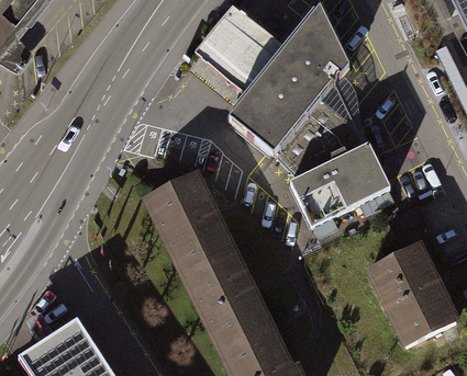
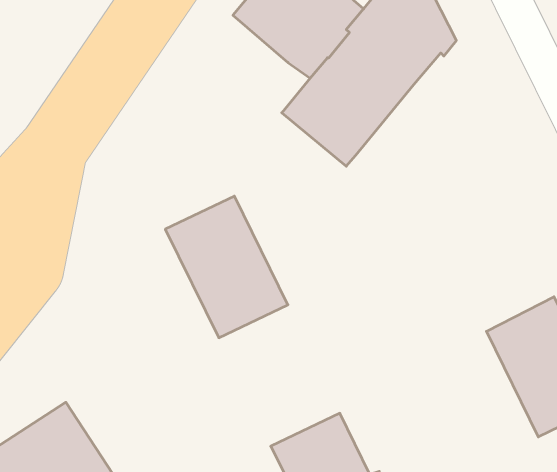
building: [277,98,391,226] -> none
building: [185,251,269,350] -> none

